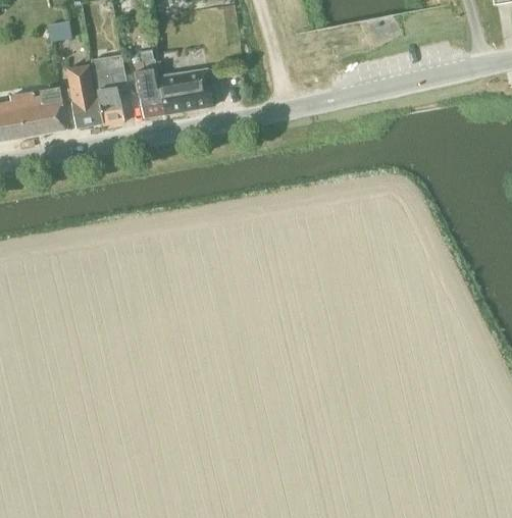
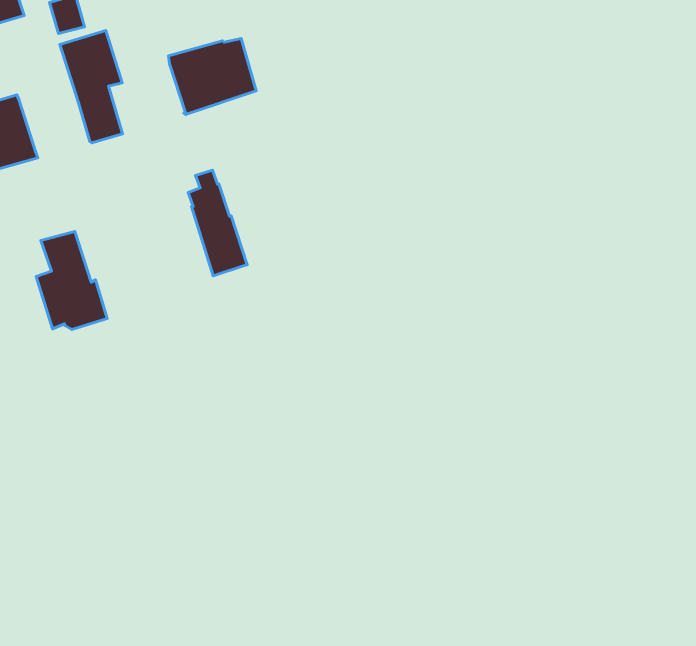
building: [134,50,165,117] -> [188,170,247,276]
building: [60,65,102,127] -> [36,231,107,329]

